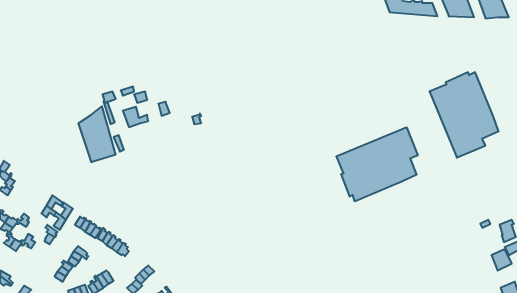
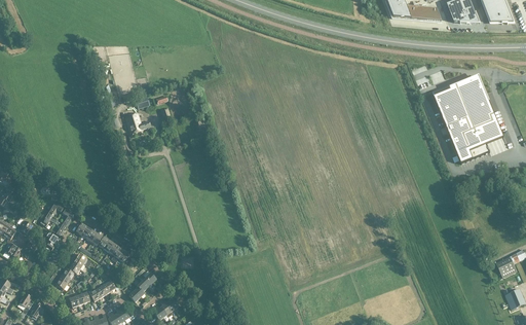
building: [79,106,115,162] -> none
building: [336,127,418,201] -> none

